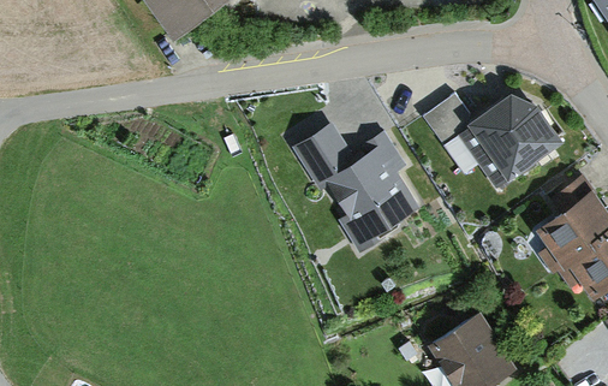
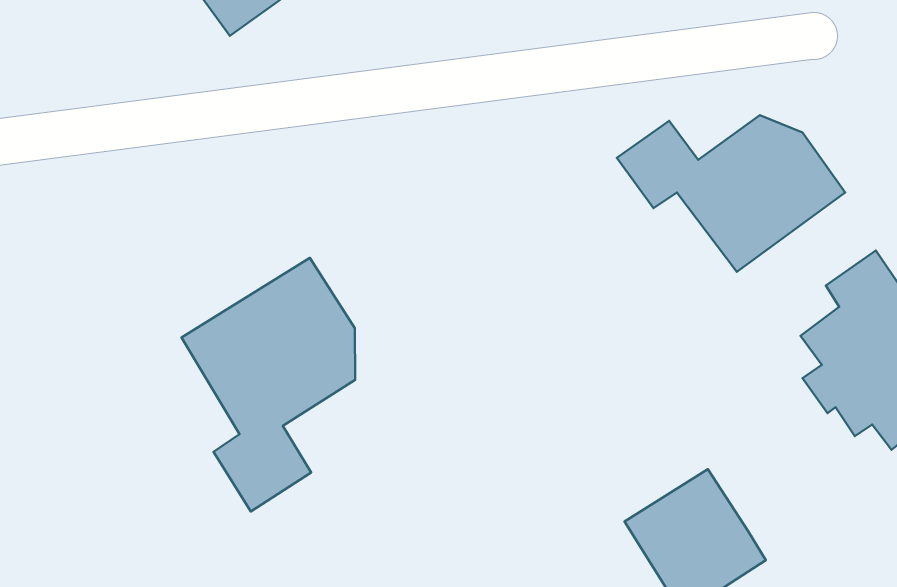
building: [291,123,421,254] -> none
building: none -> [182,258,355,512]

